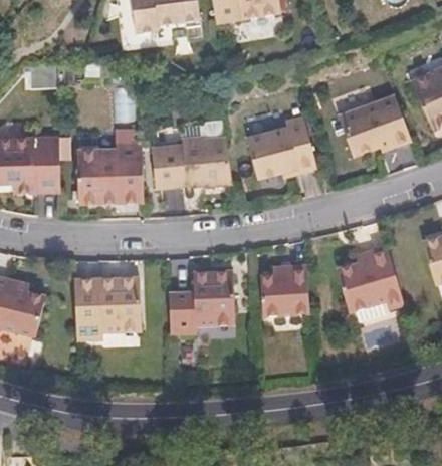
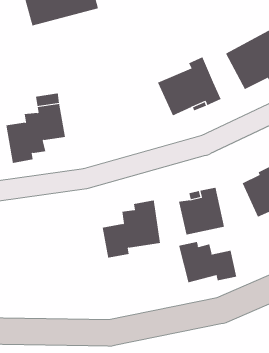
building: [151,136,231,192] -> none
building: [73,280,141,340] -> none
building: none -> [178,241,237,283]

